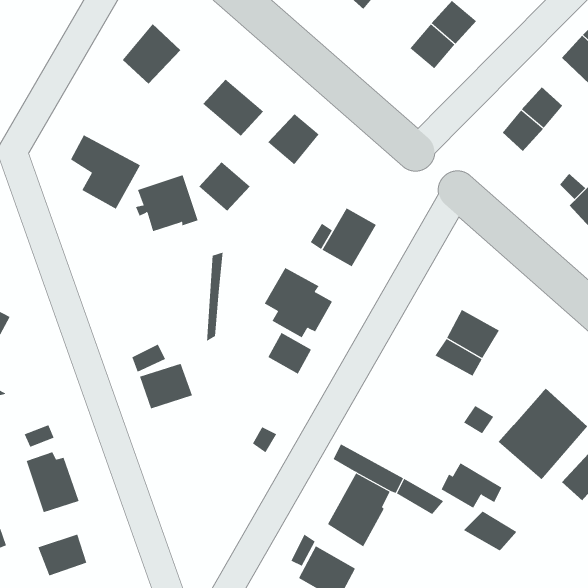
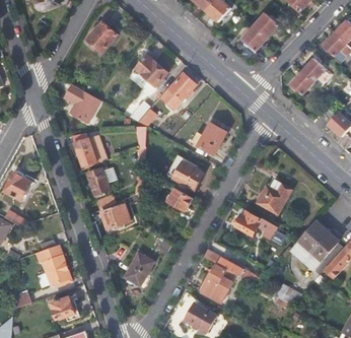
building: [135,174,199,232] -> [72,136,106,166]
building: none -> [86,167,110,195]
building: none -> [124,252,154,285]
building: [441,462,502,509] -> [235,210,268,234]

